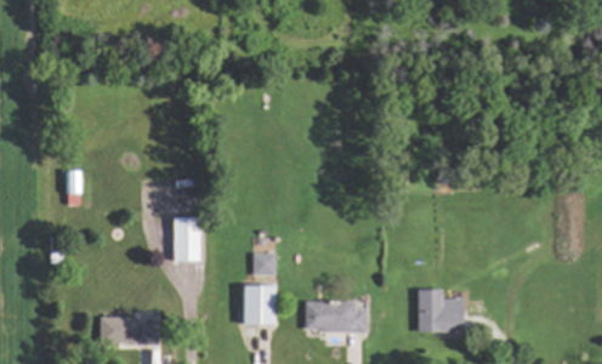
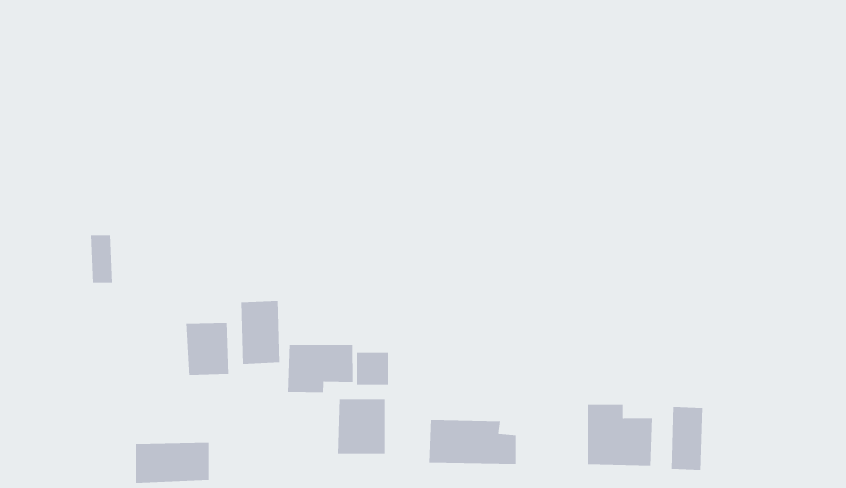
building: none -> [186,322,229,376]
building: none -> [287,344,353,393]
building: none -> [671,406,703,471]

